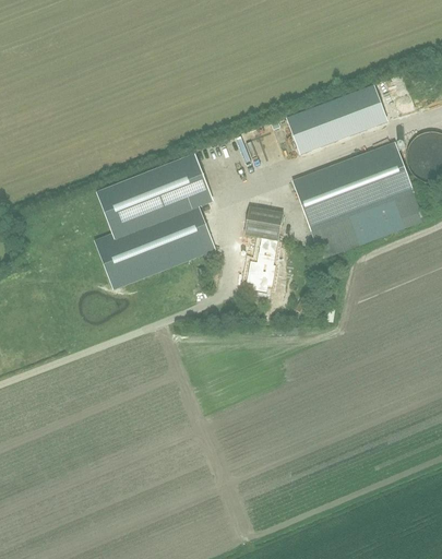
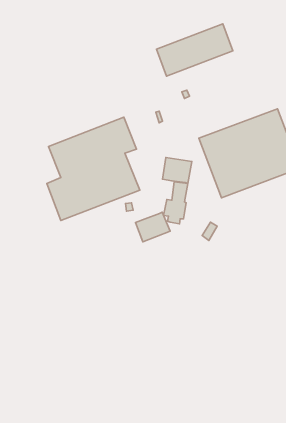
building: [287,85,386,153] -> [157,24,233,76]
building: none -> [135,212,170,242]

